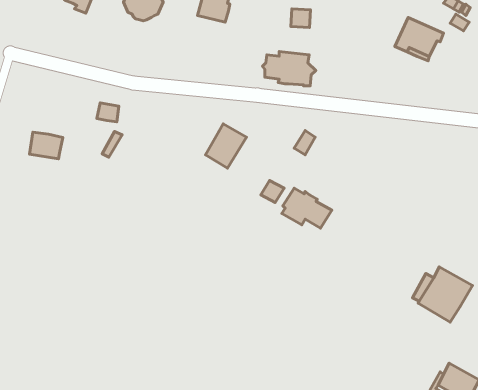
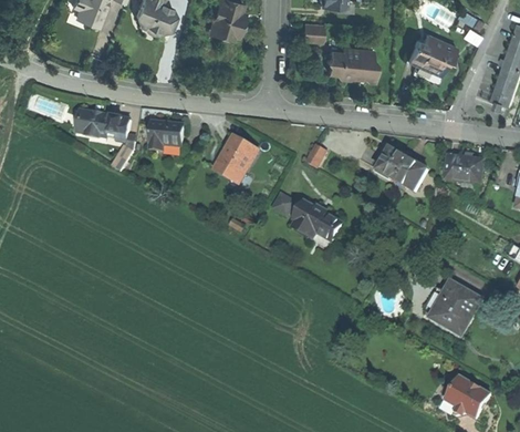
building: [263,52,316,86] -> [325,45,378,80]
building: none -> [150,121,184,147]
building: [30,132,63,159] -> [79,110,112,136]
building: none -> [378,147,428,191]
building: none -> [446,155,483,188]

